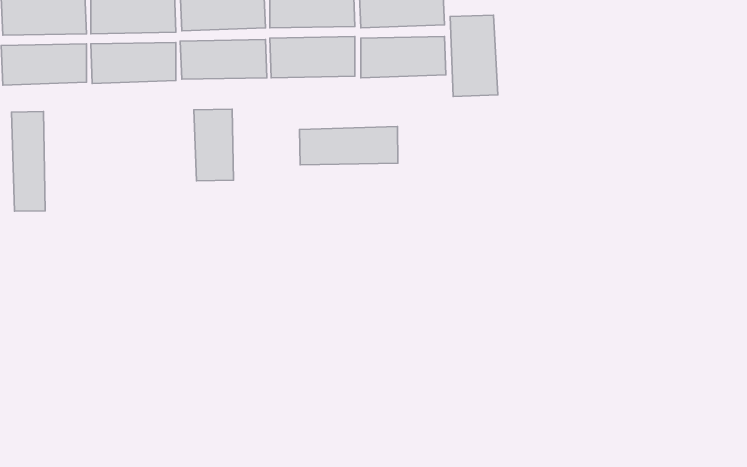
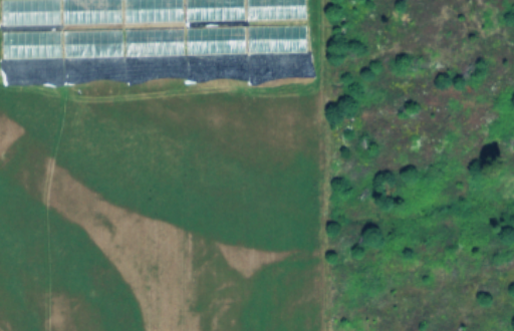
building: [450,15,498,96] -> none
building: [194,109,233,181] -> none
building: [12,112,45,211] -> none
building: [300,127,398,165] -> none

